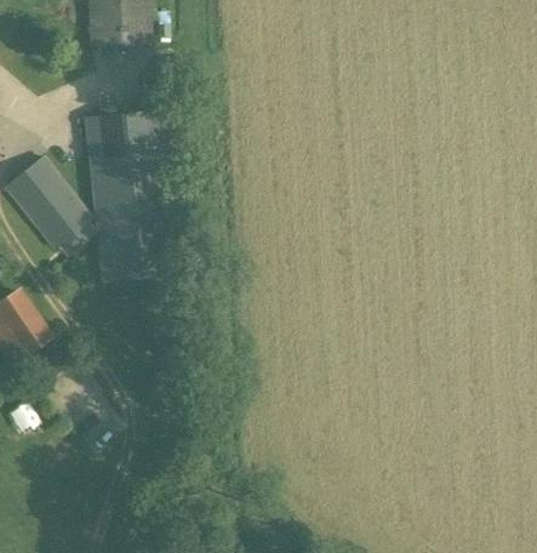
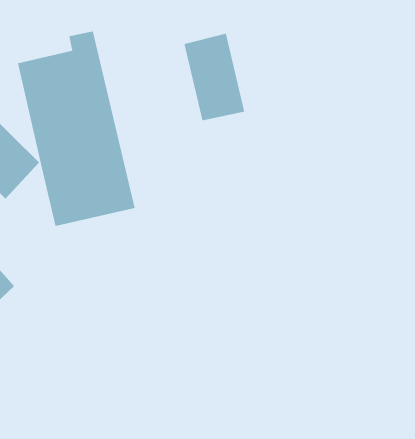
building: none -> [184,33,245,121]

